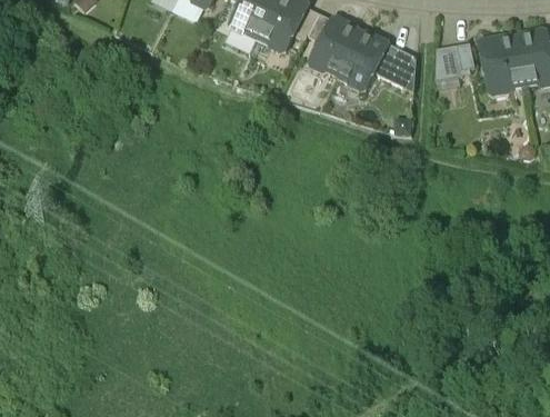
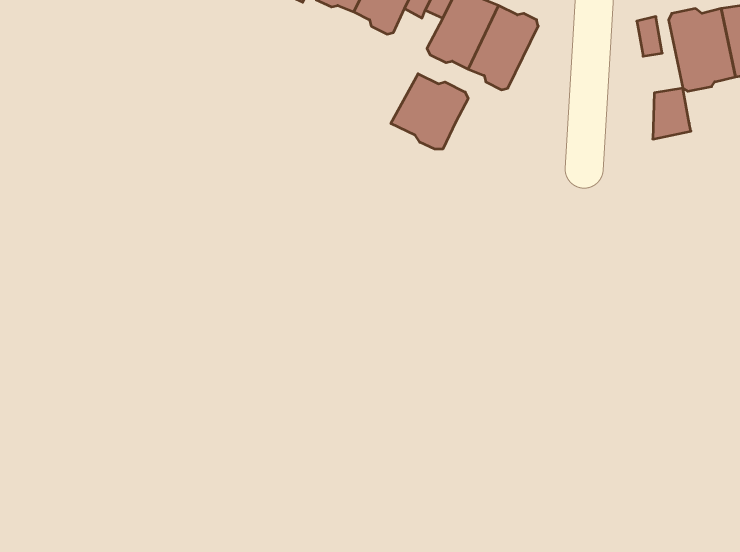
building: [434,43,461,79] -> [653,88,691,139]
building: [376,47,413,93] -> none
building: none -> [391,74,468,149]

